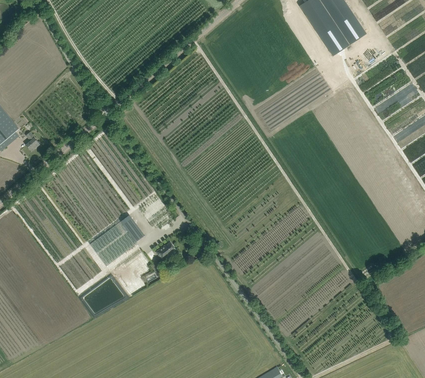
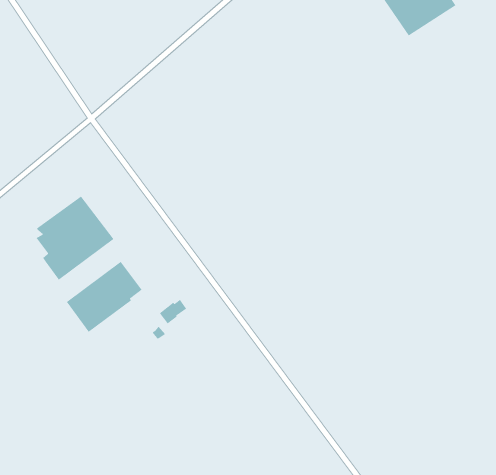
building: none -> [25,195,115,281]

